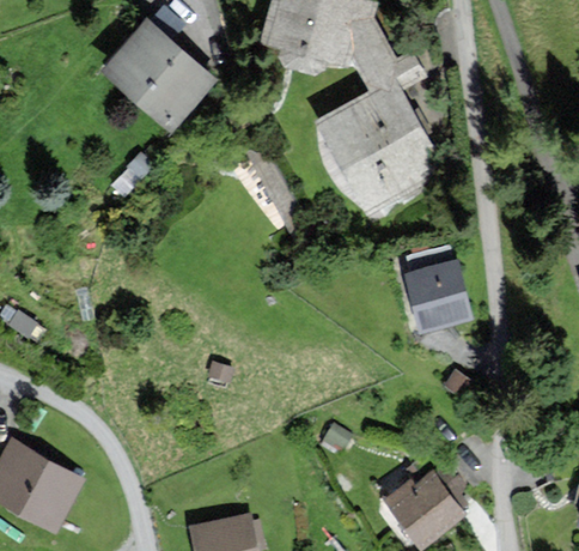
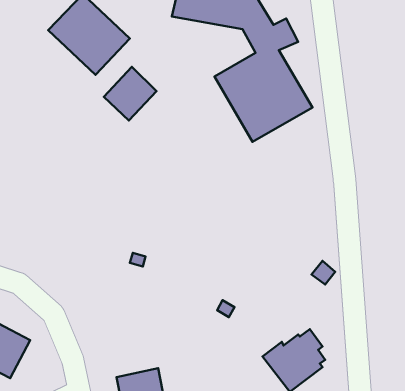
building: none -> [104,67,156,120]
building: [408,264,471,333] -> none

